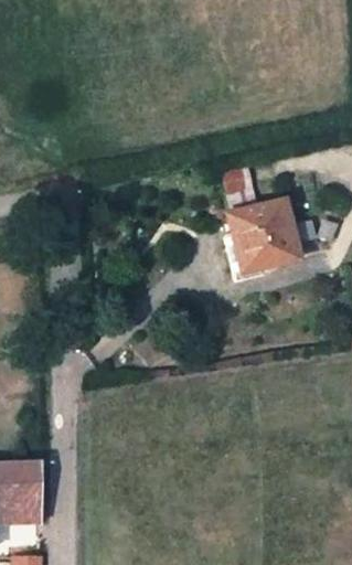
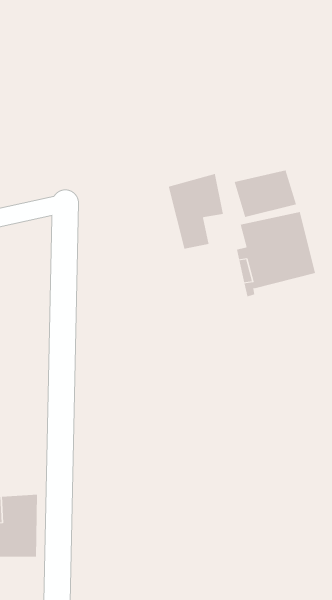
building: none -> [168,173,224,249]

